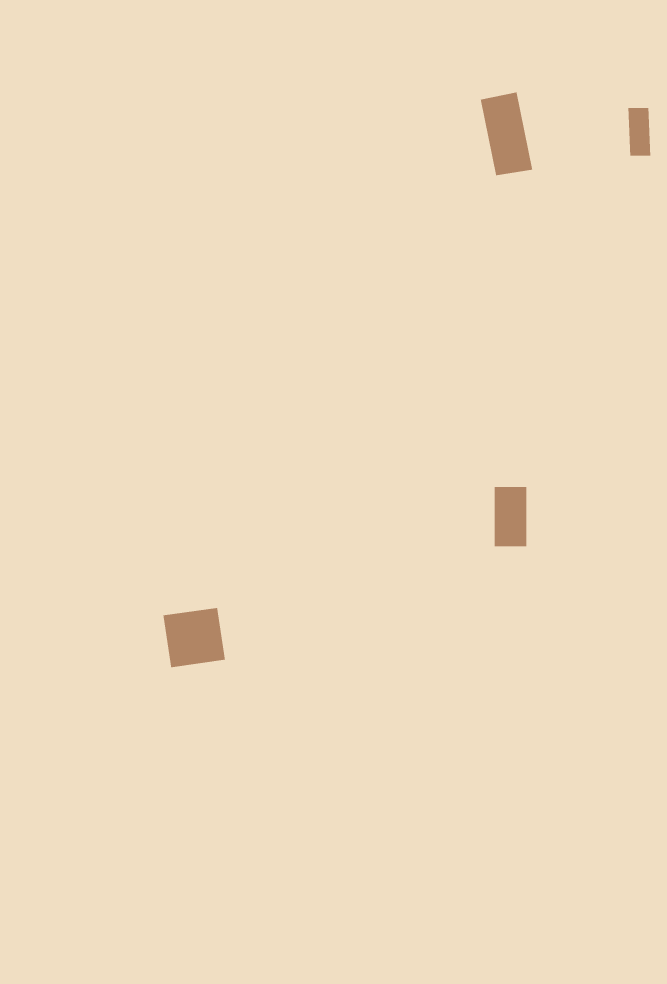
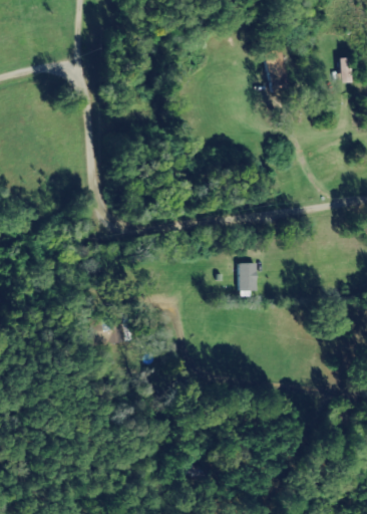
building: [494,486,527,547] -> [239,264,256,295]

